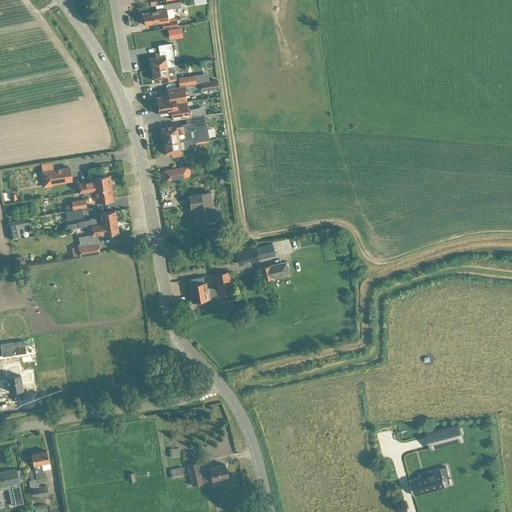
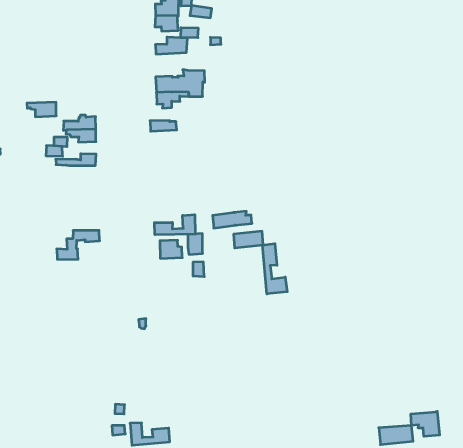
building: [158,100,191,120] -> none
building: [189,192,215,224] -> none
building: [78,222,118,256] -> [57,230,100,259]
building: none -> [154,215,195,235]
building: none -> [262,244,287,294]
building: none -> [411,411,440,436]

